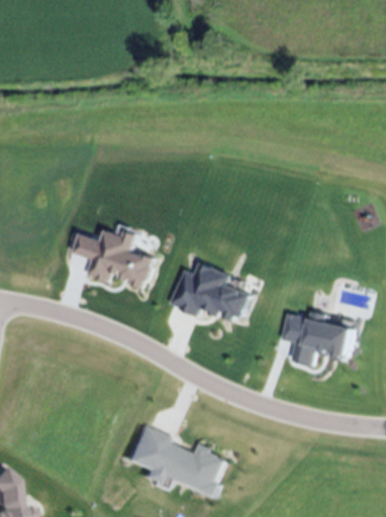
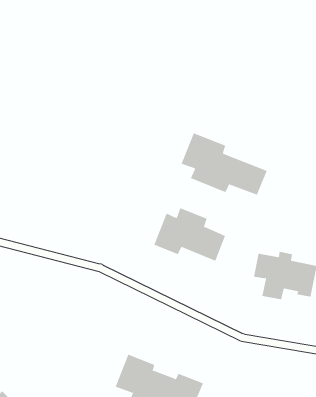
building: none -> [181,133,267,196]
building: [77,230,156,287] -> none

